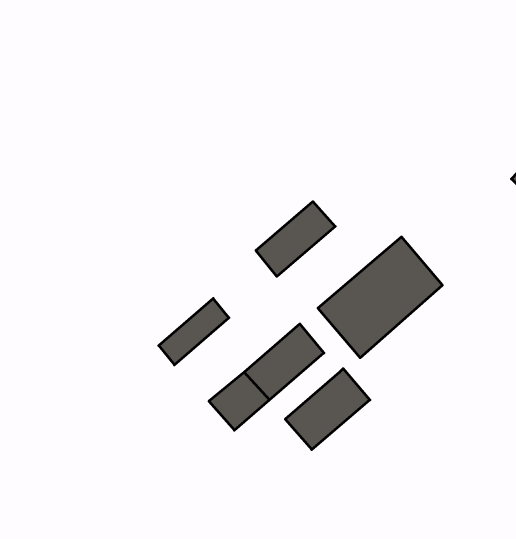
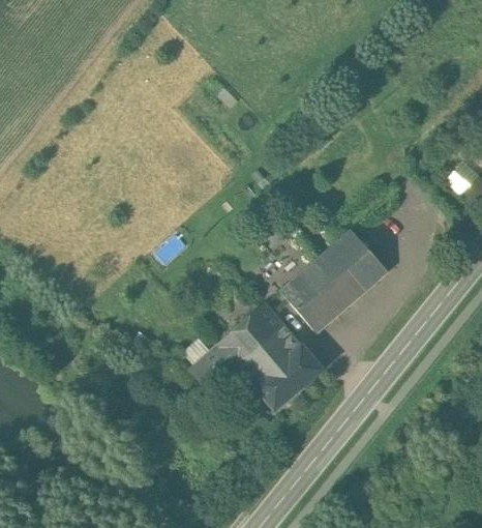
building: [256,202,335,276] -> none
building: [159,298,229,365] -> [238,328,298,385]

